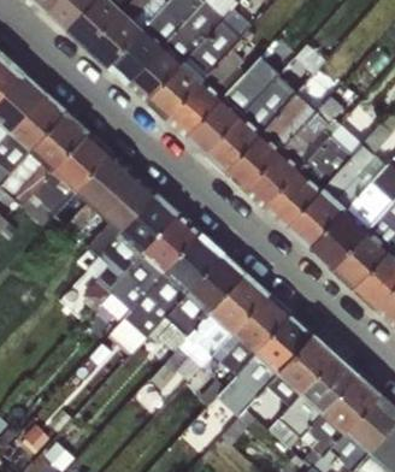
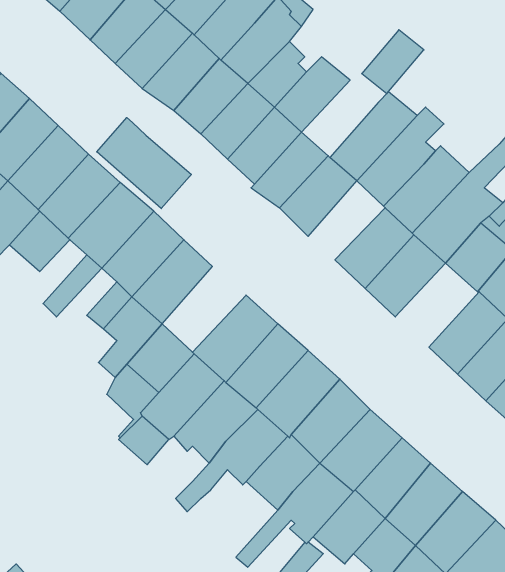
building: [241,73,296,134] -> none
building: none -> [97,118,191,209]
building: [246,151,301,207] -> none
building: [308,210,369,270] -> none
building: [141,212,201,273] -> none

